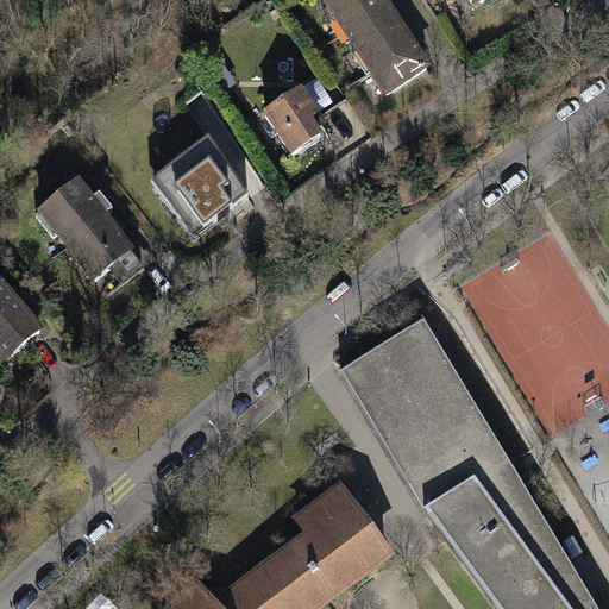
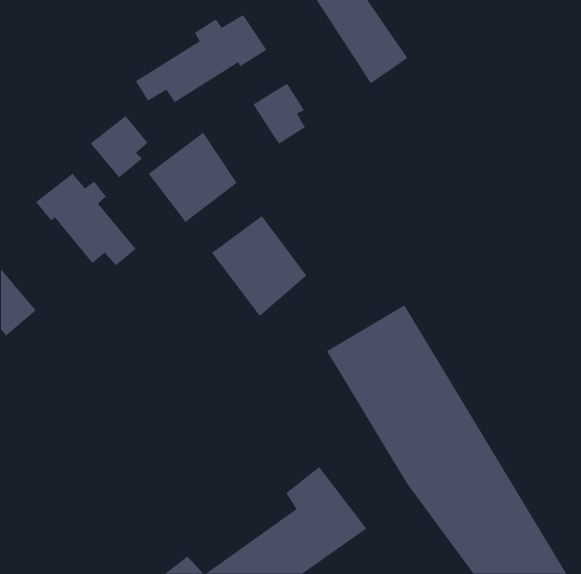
building: none -> [135,14,267,103]
building: none -> [90,115,148,178]
building: none -> [211,215,307,317]

